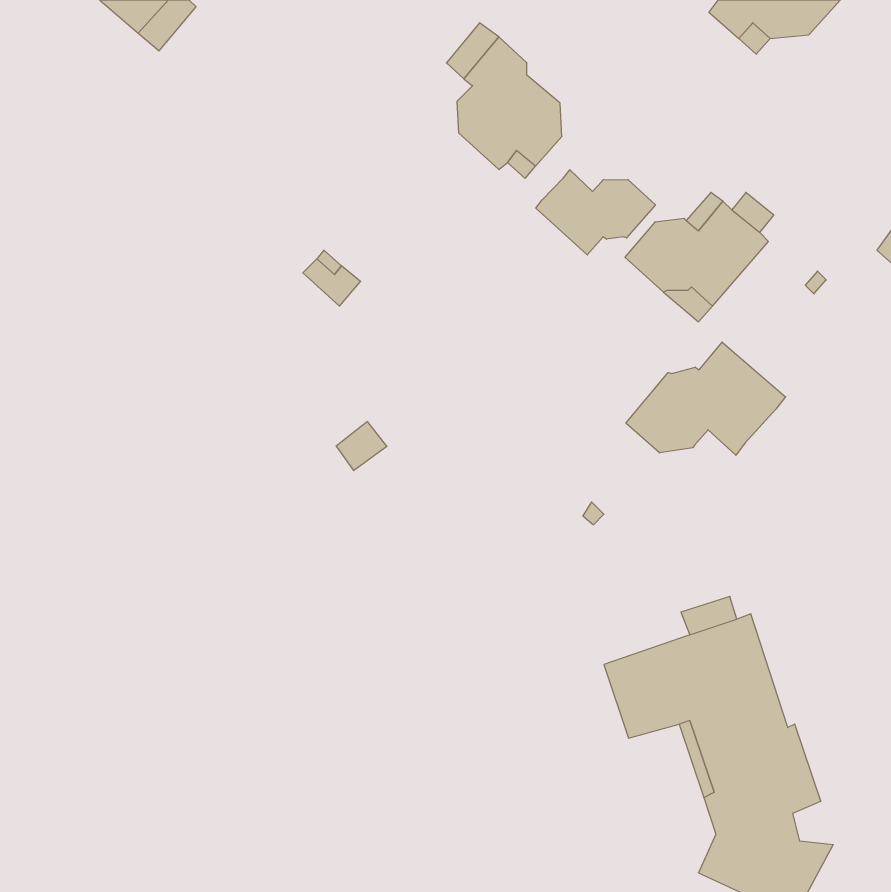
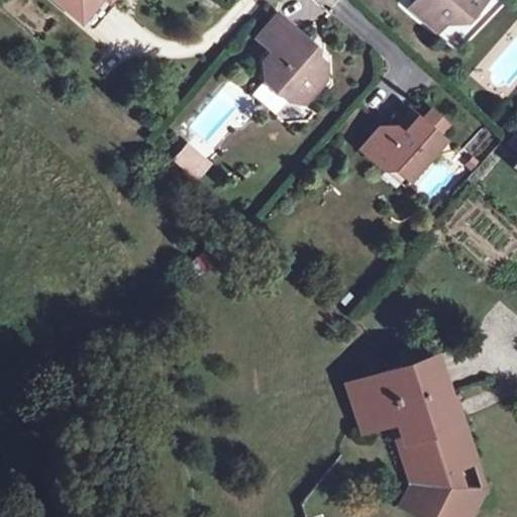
building: [536,170,655,255] -> none
building: [626,342,786,455] -> none

